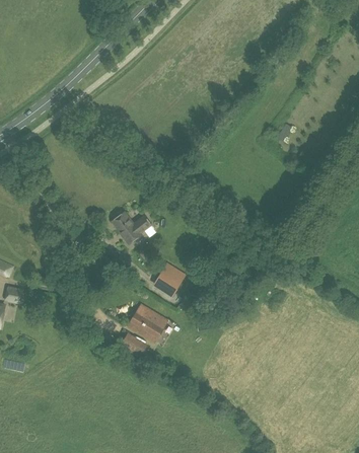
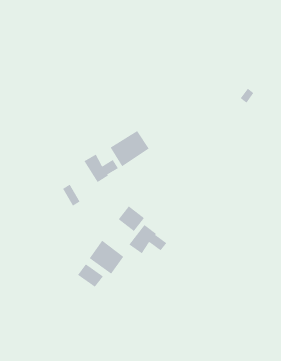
building: none -> [110,130,149,167]
building: none -> [128,224,167,254]

